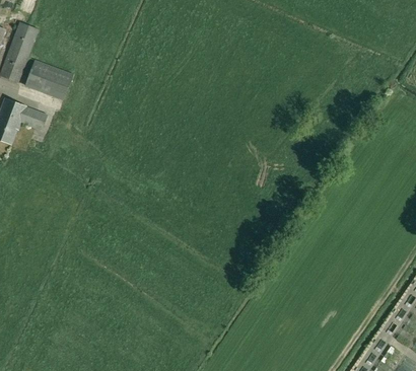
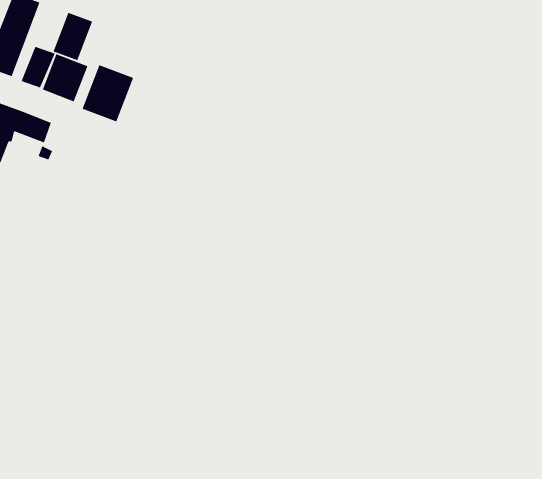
building: none -> [52,12,93,61]
building: none -> [81,64,134,123]

